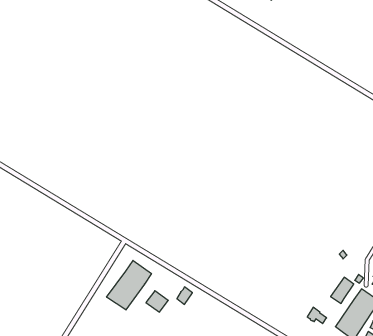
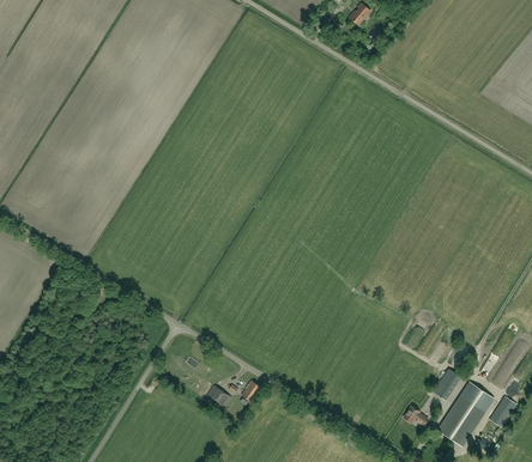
building: [107,260,151,310] -> none

